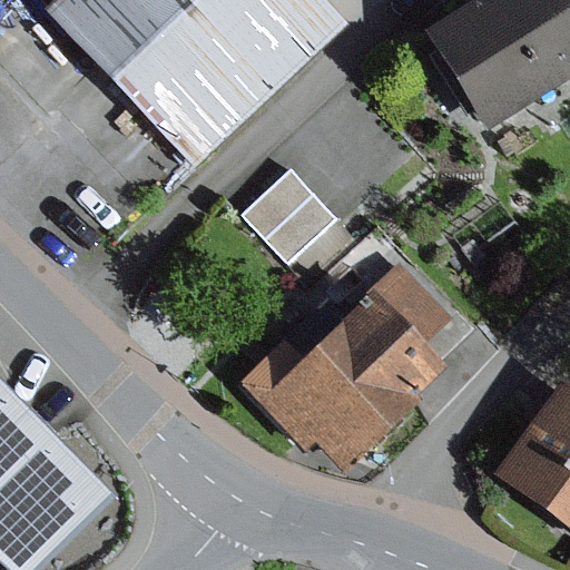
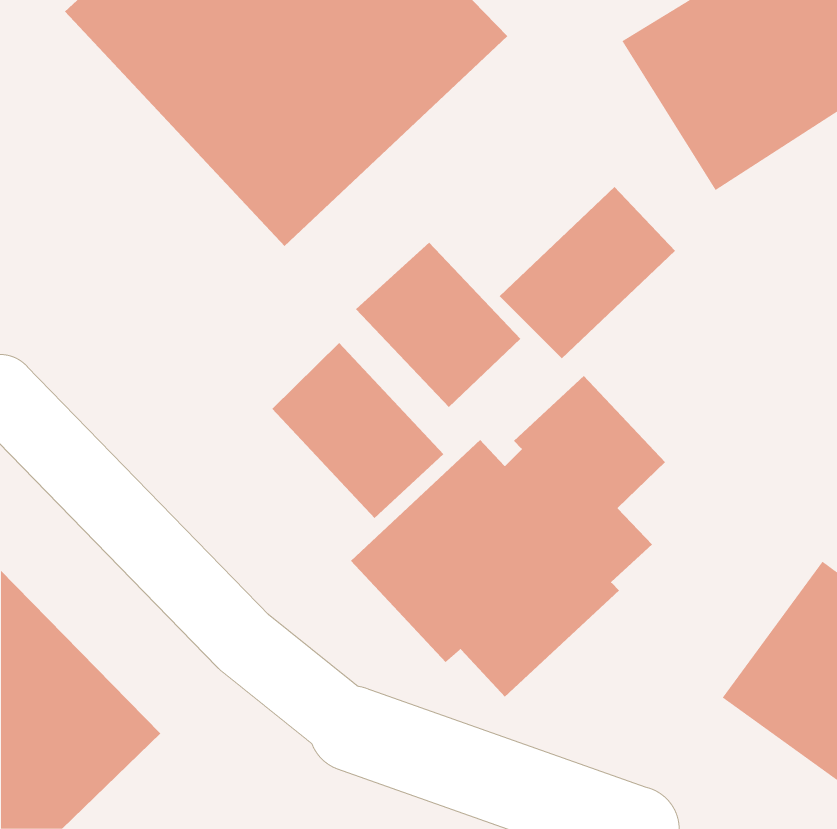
building: none -> [499,186,676,359]
building: none -> [271,342,444,519]

